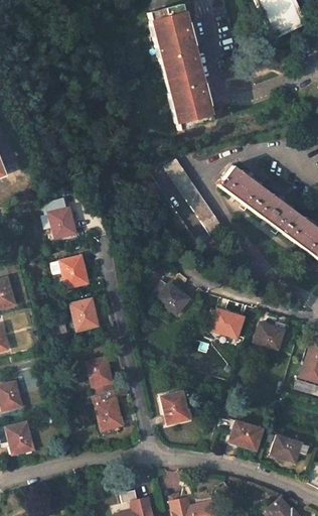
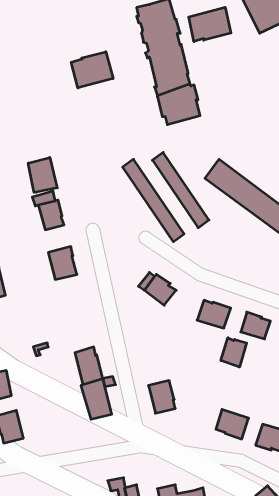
building: none -> [189,7,231,42]
building: none -> [71,52,113,88]
building: none -> [28,157,57,192]
building: [70,297,98,331] -> none
building: none -> [221,338,247,367]

